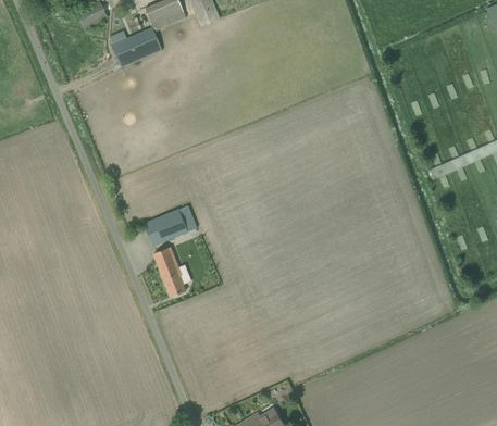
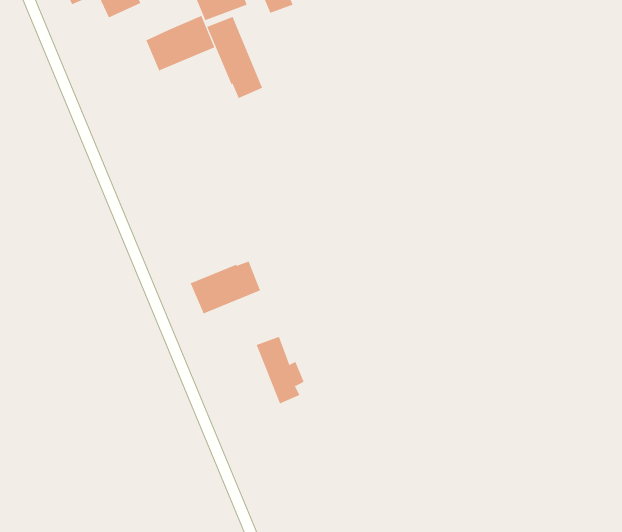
building: none -> [206,16,263,99]
building: [153,247,189,297] -> [256,336,305,404]

